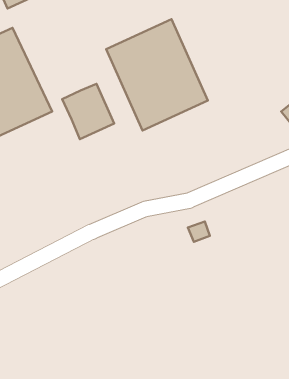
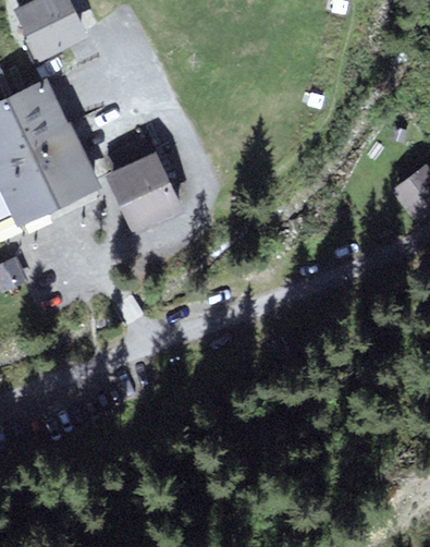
building: [106,19,208,131] -> none

